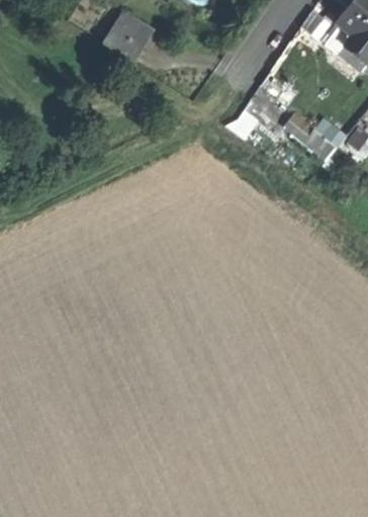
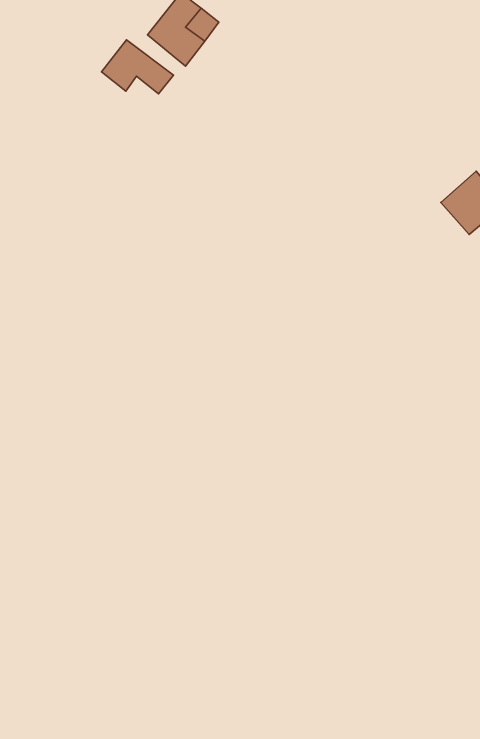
building: none -> [101,40,174,94]

